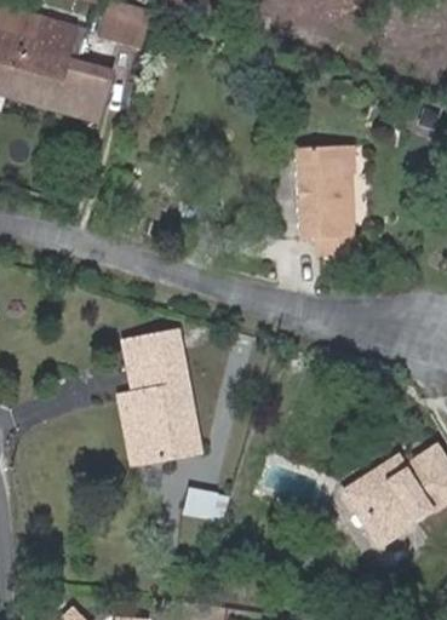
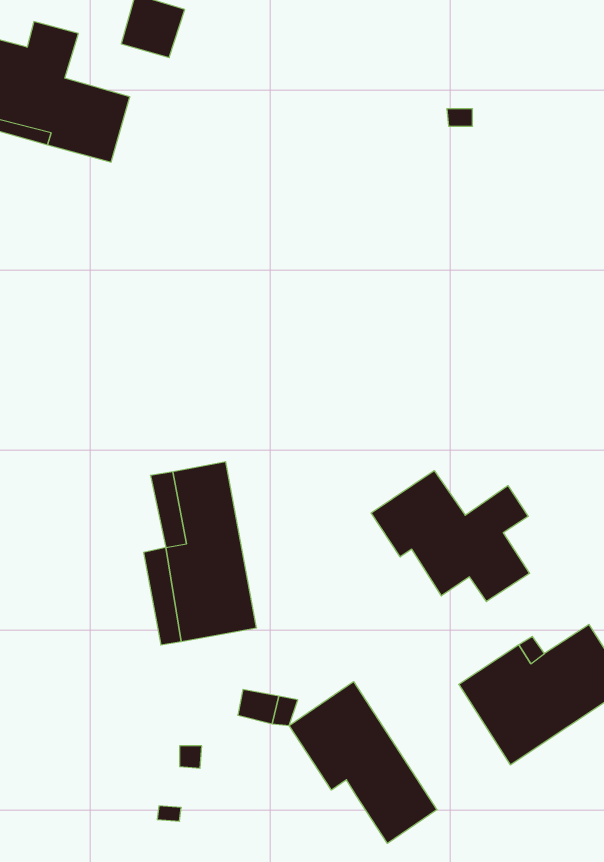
building: [297,145,357,257] -> none
building: none -> [371,471,530,602]
building: none -> [289,682,437,843]

